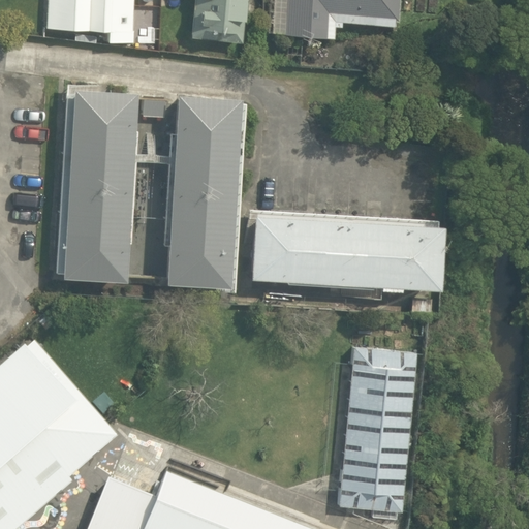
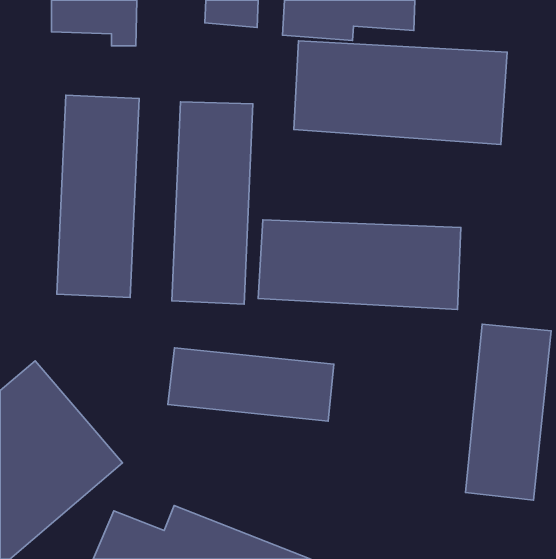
building: none -> [294,41,507,144]
building: none -> [168,348,334,421]
building: [340,347,421,514] -> [466,324,551,500]

